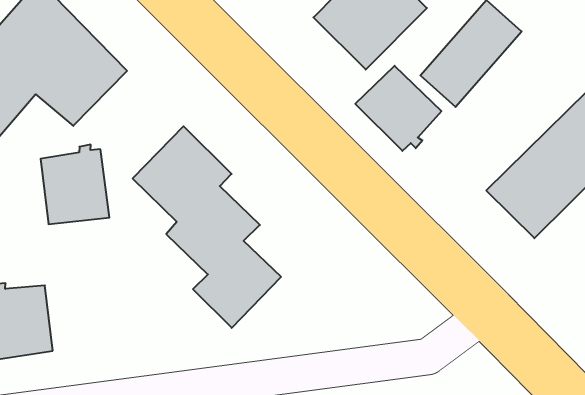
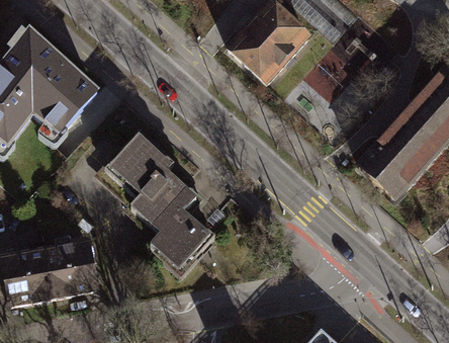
building: [355,66,441,151] -> none
building: [41,145,109,224] -> [46,238,97,296]

